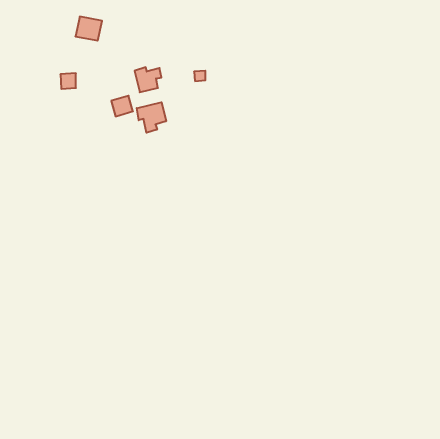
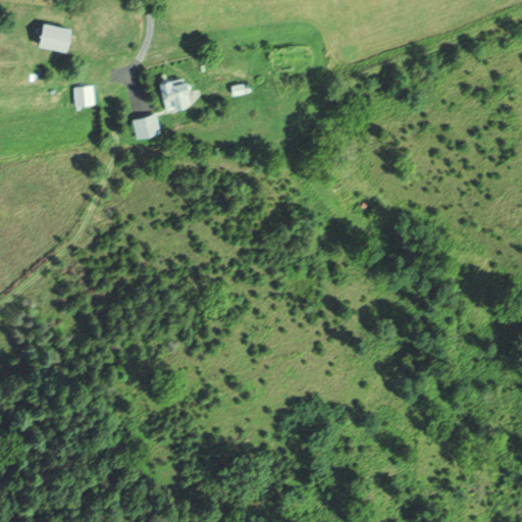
building: [75,17,102,41] -> [42,23,73,52]
building: [137,102,166,133] -> none

